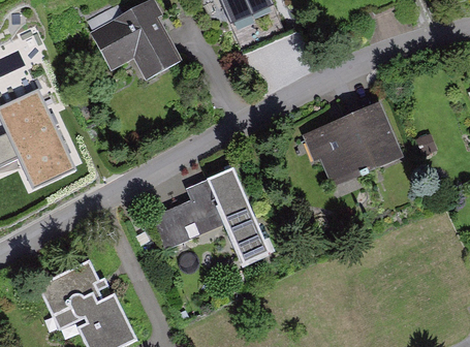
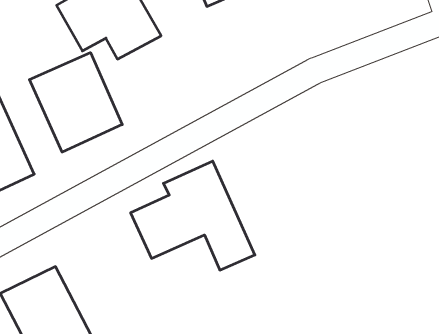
building: none -> [29,53,122,152]
building: [309,102,402,186] -> none

